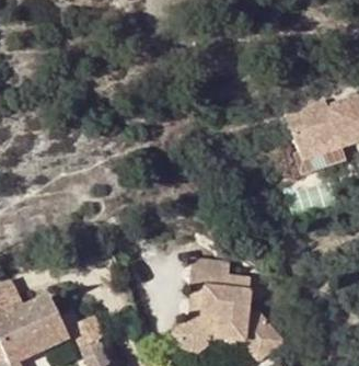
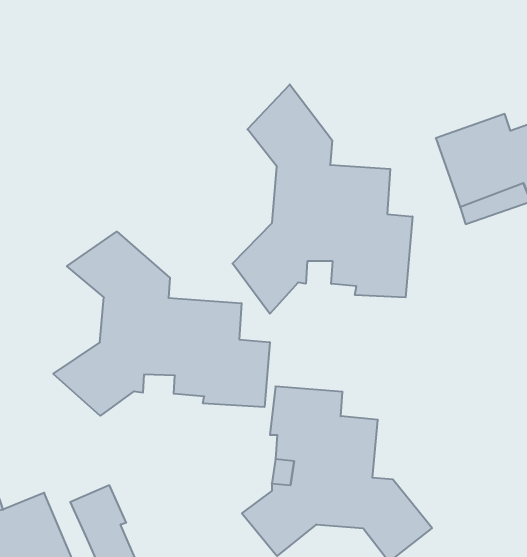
building: none -> [232,84,412,314]
building: none -> [53,232,270,416]

